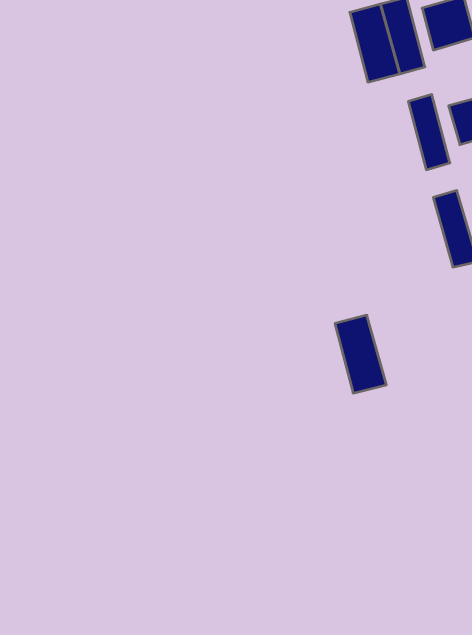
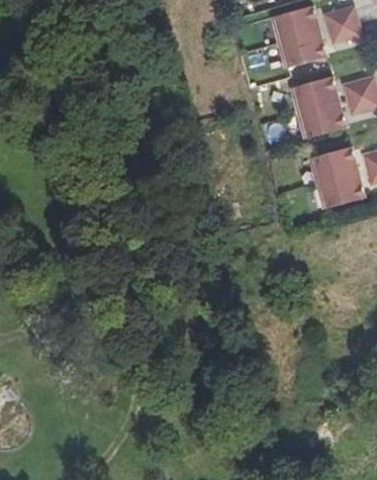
building: none -> [290,82,327,137]
building: [335,315,386,393] -> [309,152,347,208]

